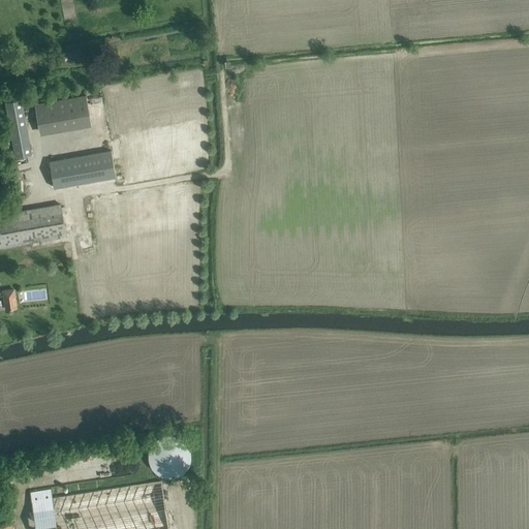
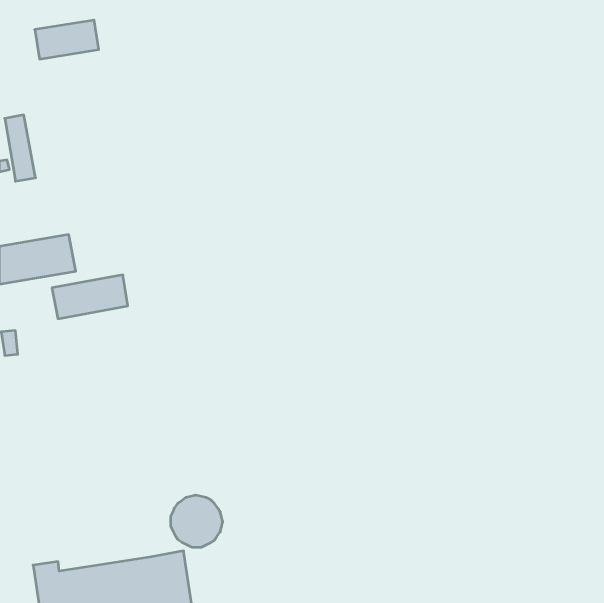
building: [33,97,89,131] -> [35,20,99,59]
building: [48,152,114,190] -> [52,275,128,319]

